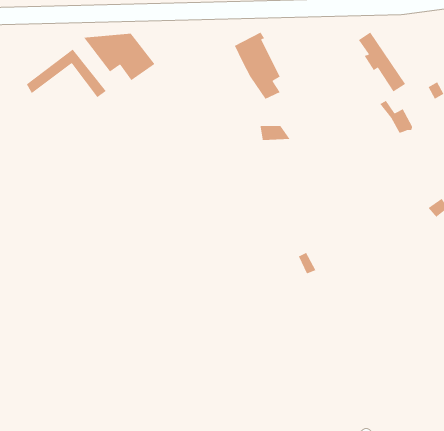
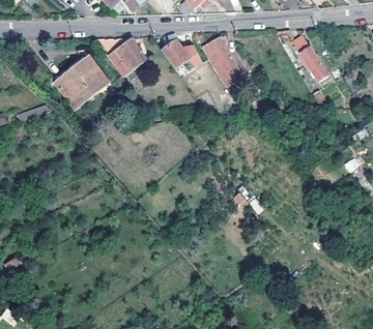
building: none -> [161,42,203,72]
building: none -> [56,60,104,107]

